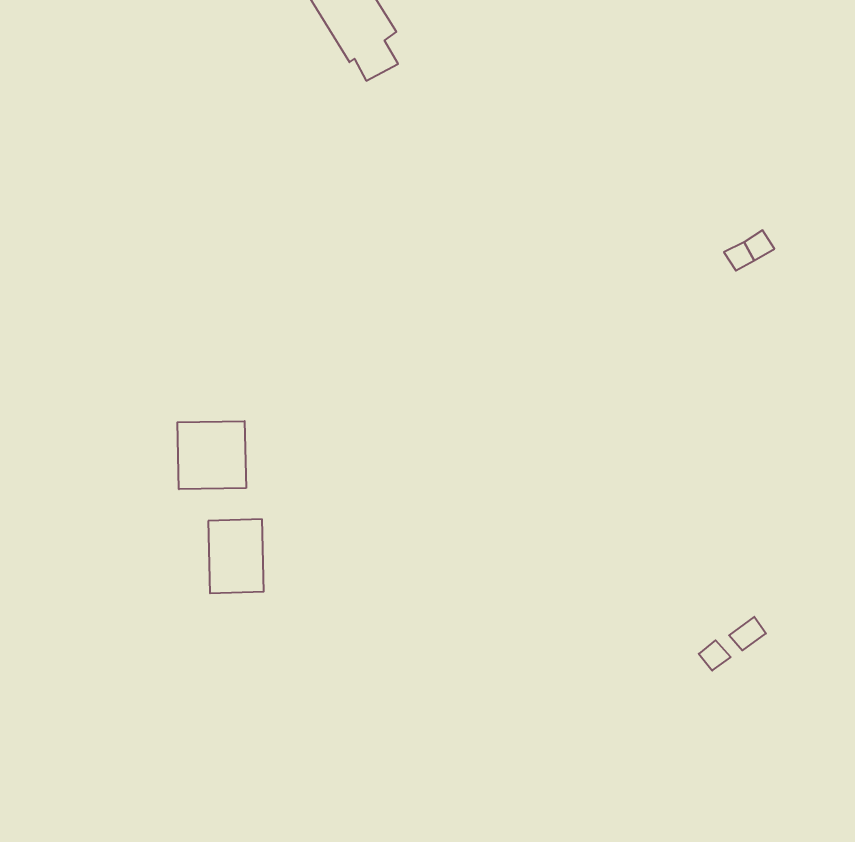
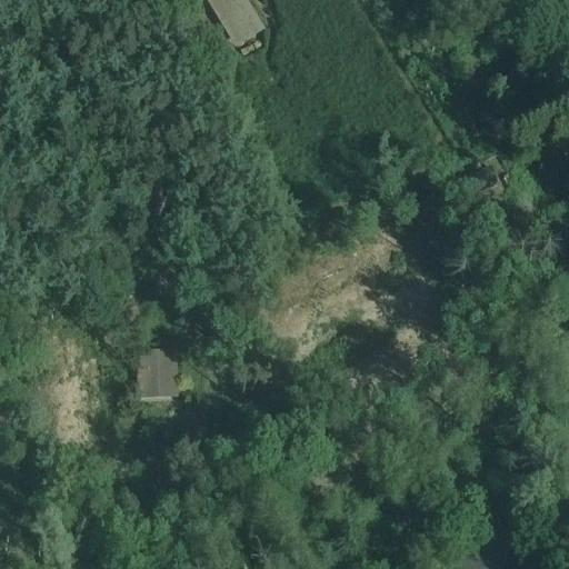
building: [177,421,246,489] -> none

